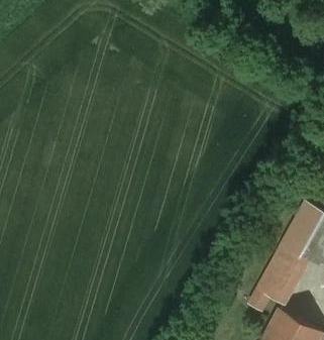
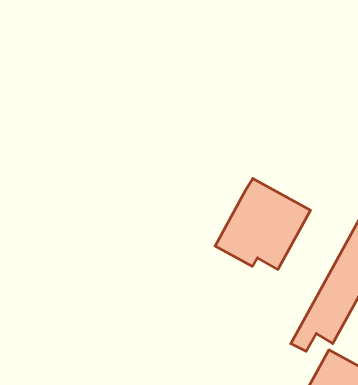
building: none -> [215,178,310,269]

